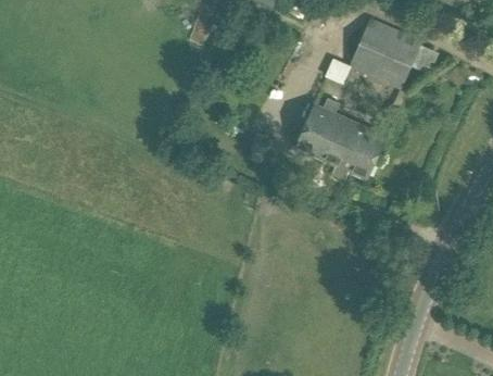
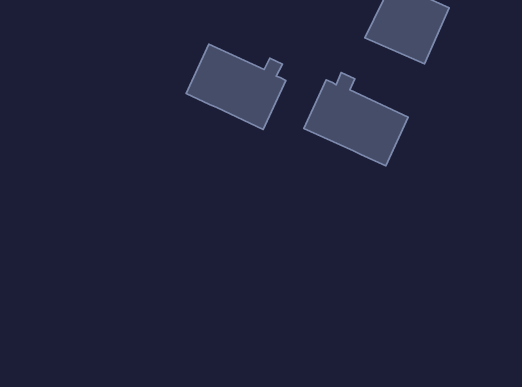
building: none -> [186,44,286,130]

